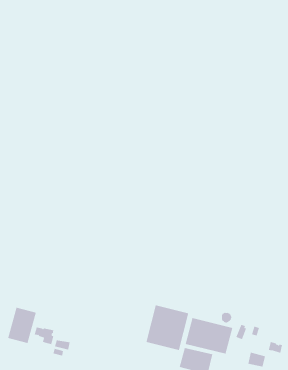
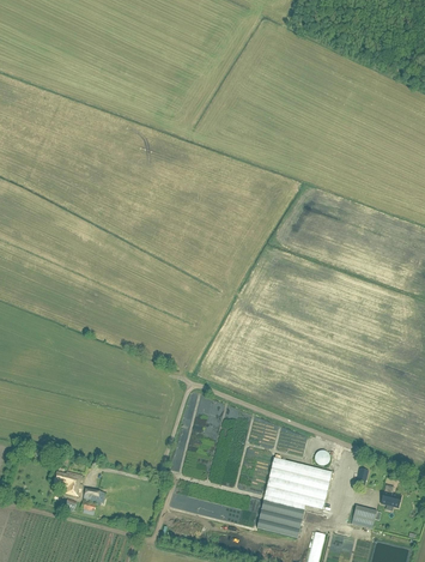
building: [146,305,189,351] -> none
building: [8,307,36,344] -> none

